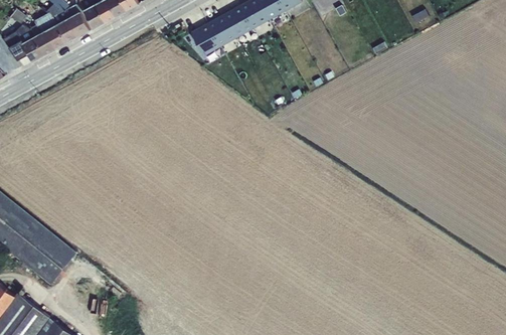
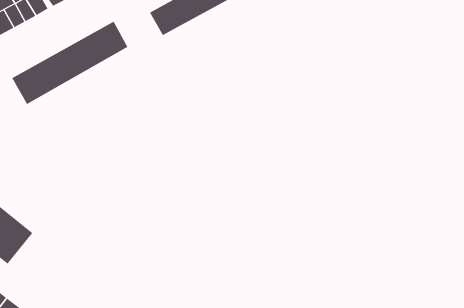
building: none -> [11,21,128,105]

